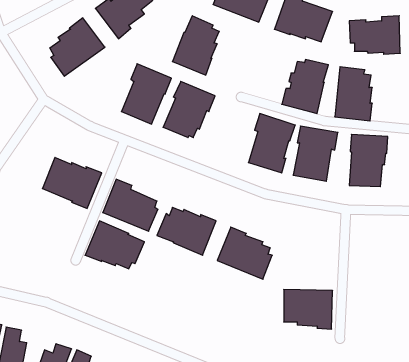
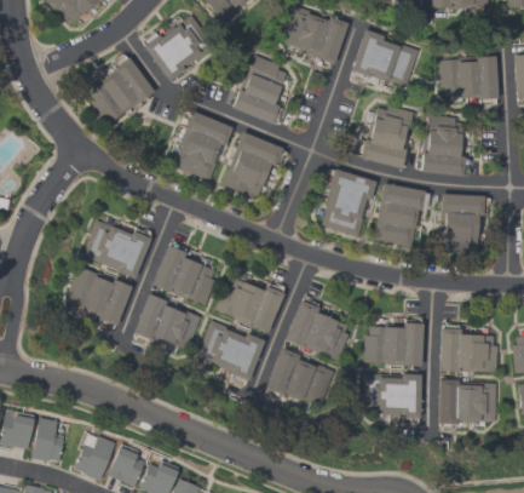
building: none -> [68,265,132,326]
building: none -> [196,320,265,380]
building: none -> [364,322,424,366]
building: none -> [439,328,499,373]
building: none -> [266,348,334,407]
building: none -> [437,379,496,424]

